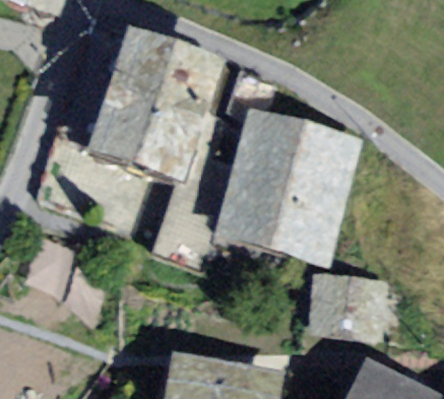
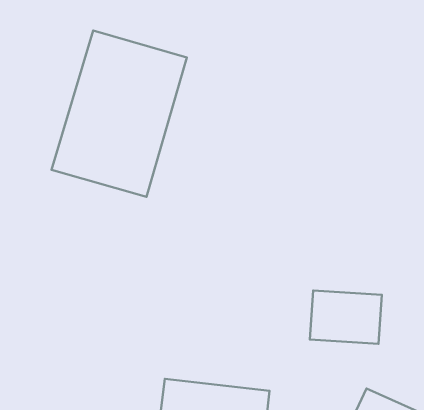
building: [233,114,358,254] -> none

